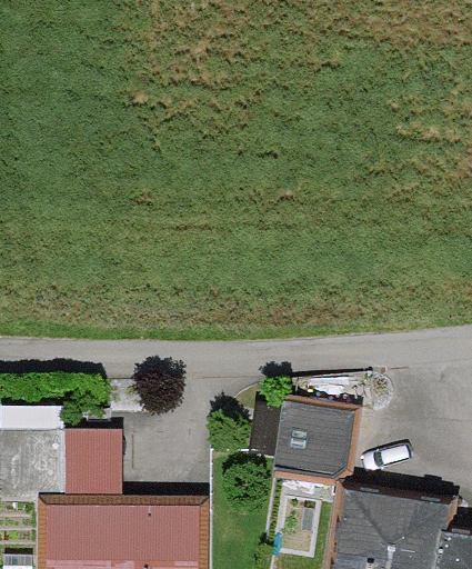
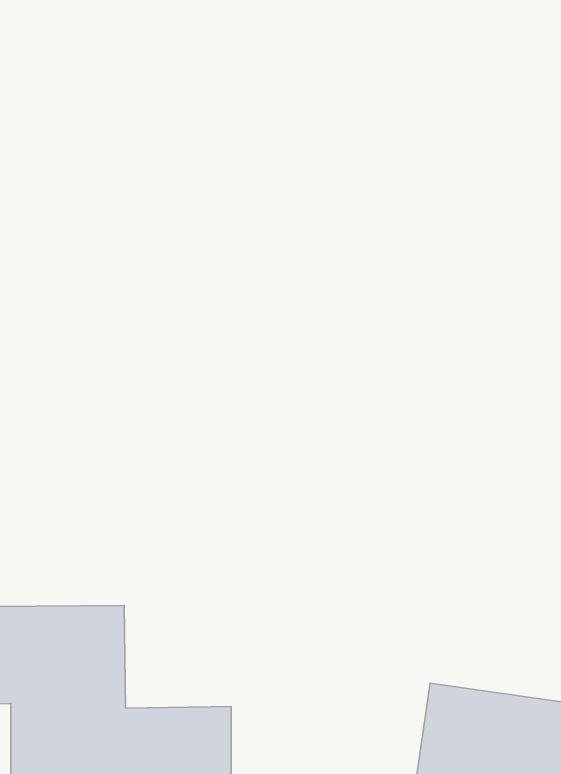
building: [274,407,348,480] -> none

